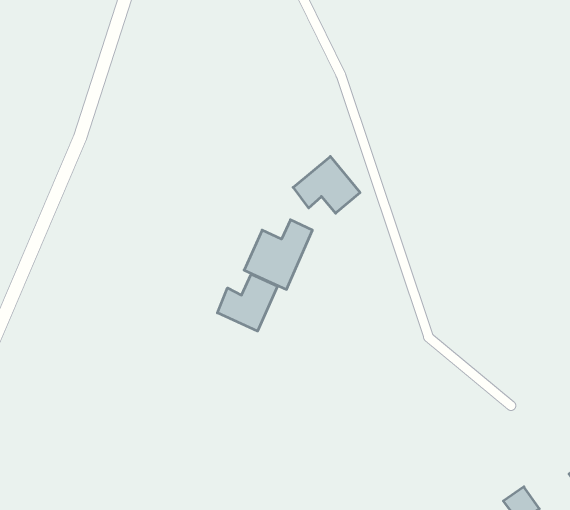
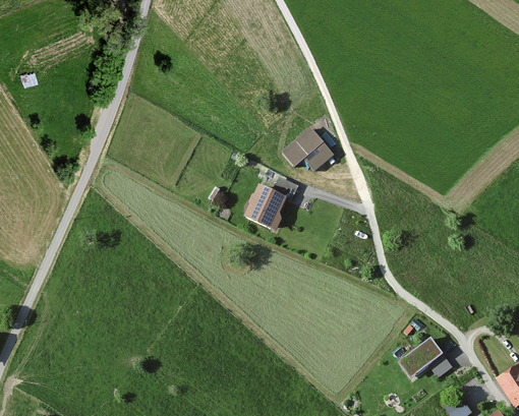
building: [217,274,278,331] -> none
building: none -> [399,339,451,378]

